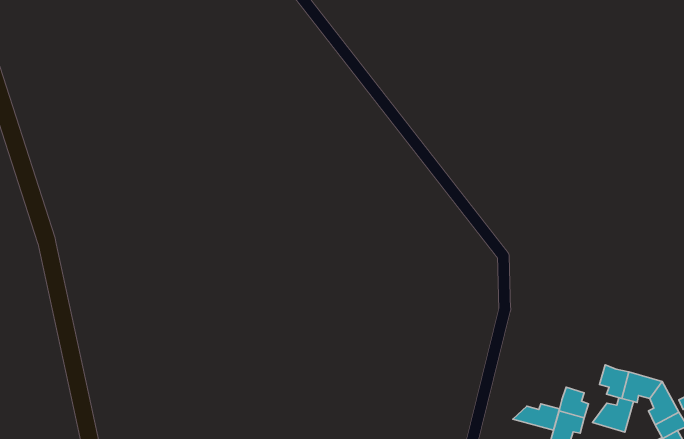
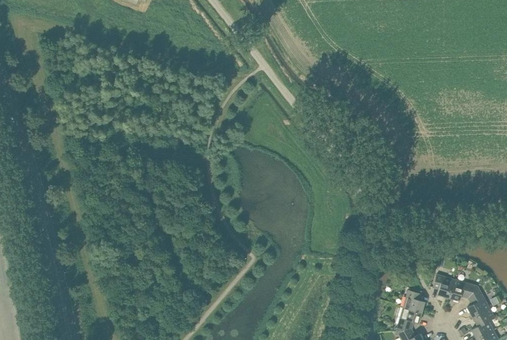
building: [592,398,633,432] -> none
building: [513,404,559,430] -> none

